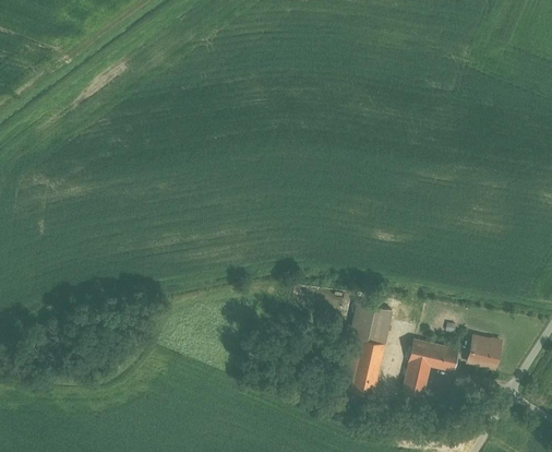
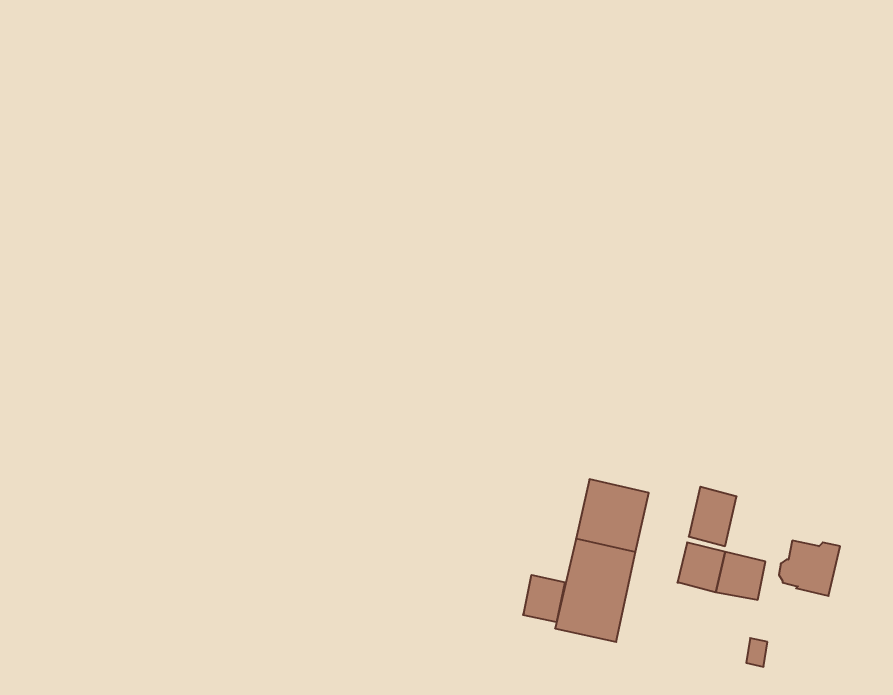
building: none -> [523,575,565,622]
building: [404,360,431,394] -> [689,487,737,546]

